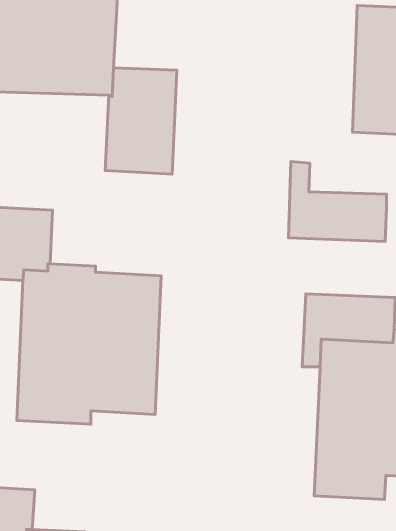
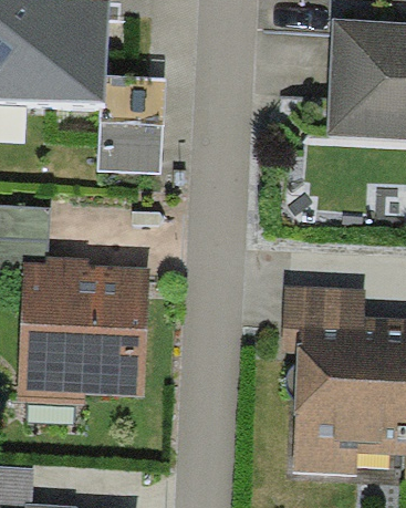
building: [288,162,387,242] -> none

